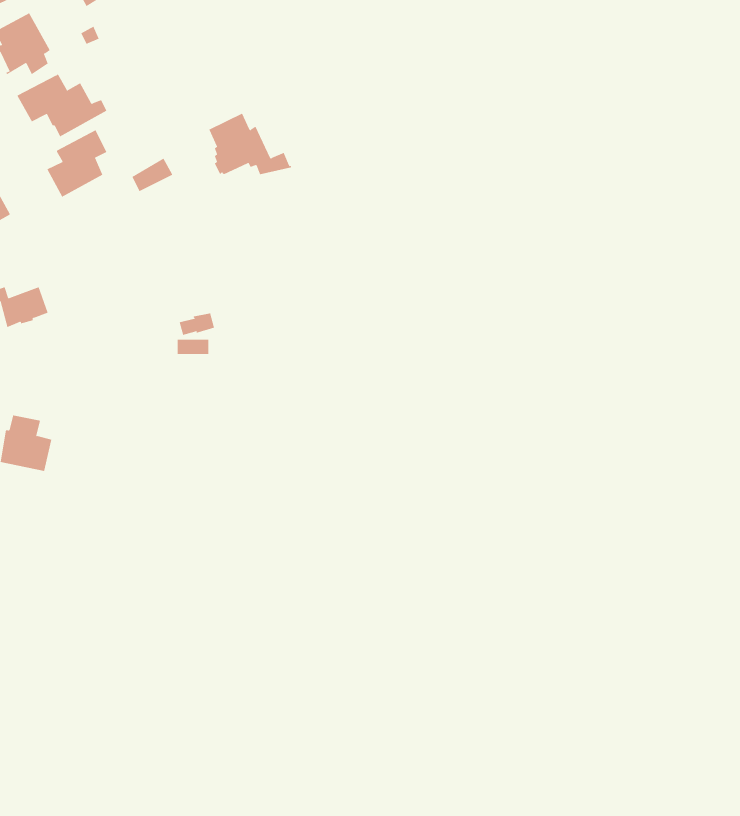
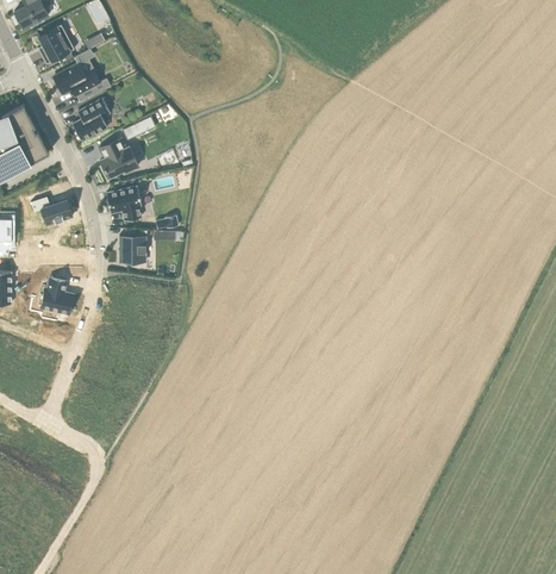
building: [209,113,292,175] -> [99,137,151,176]
building: none -> [106,185,142,220]
building: none -> [119,235,145,262]

